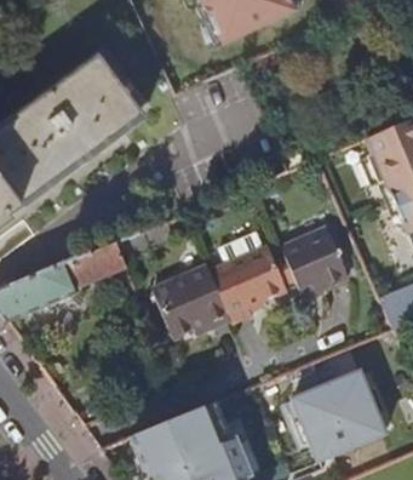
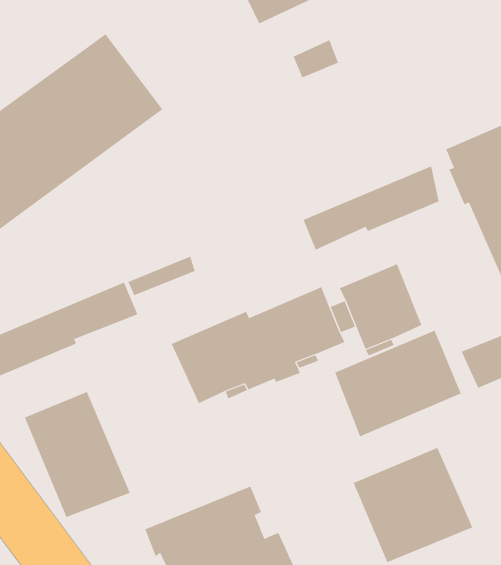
building: none -> [303,165,439,250]
building: none -> [335,330,461,437]
building: none -> [24,391,130,518]

